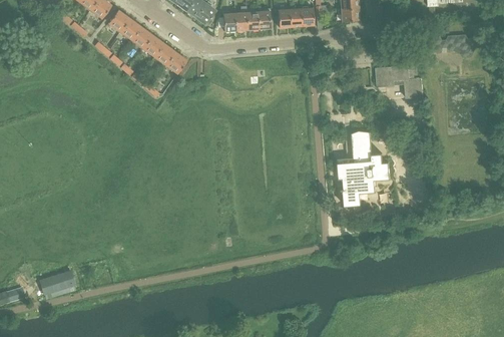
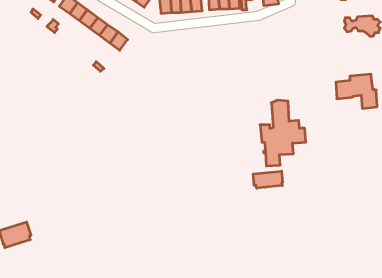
building: [376,59,423,98] -> [336,74,377,108]
building: none -> [253,171,283,188]

